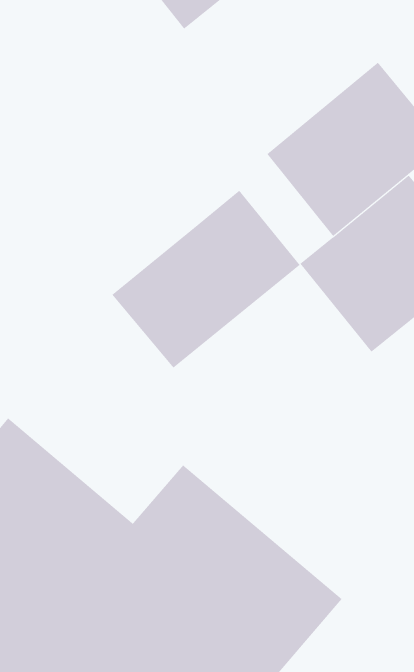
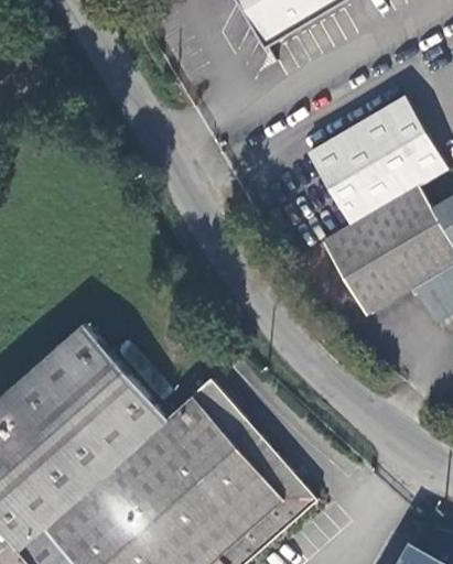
building: [111,190,301,369] -> none

